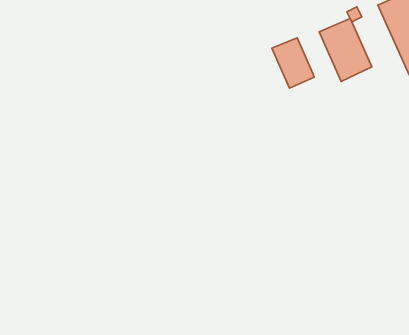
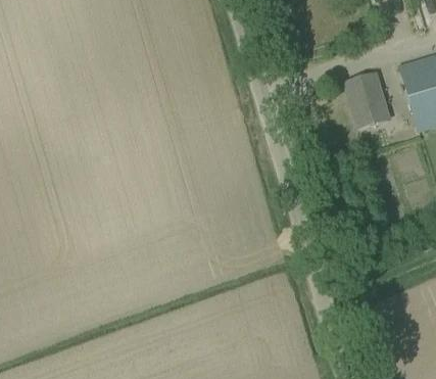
building: [272,38,314,88] -> none

